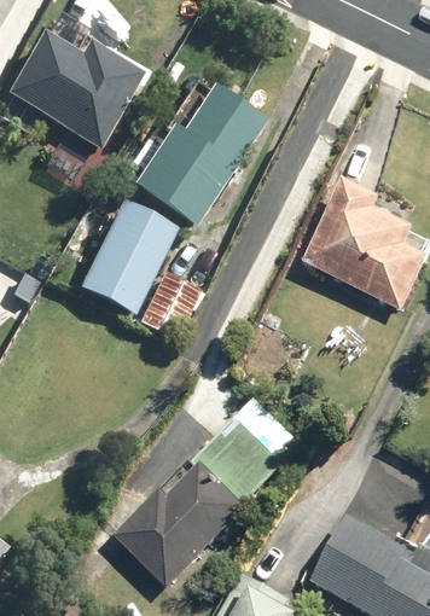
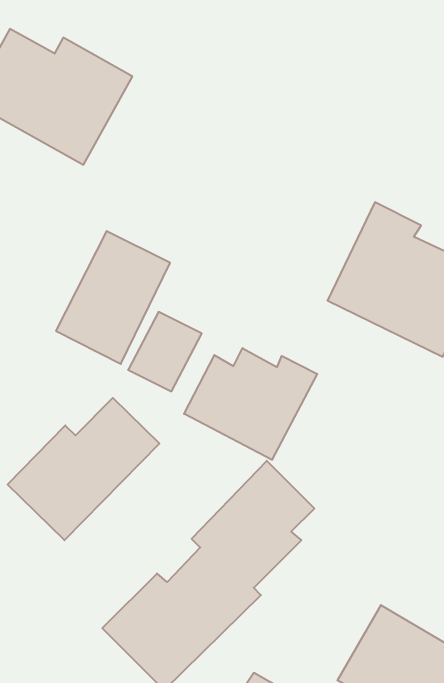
building: [128,88,265,228] -> none
building: none -> [184,348,317,460]
building: none -> [8,398,159,540]

